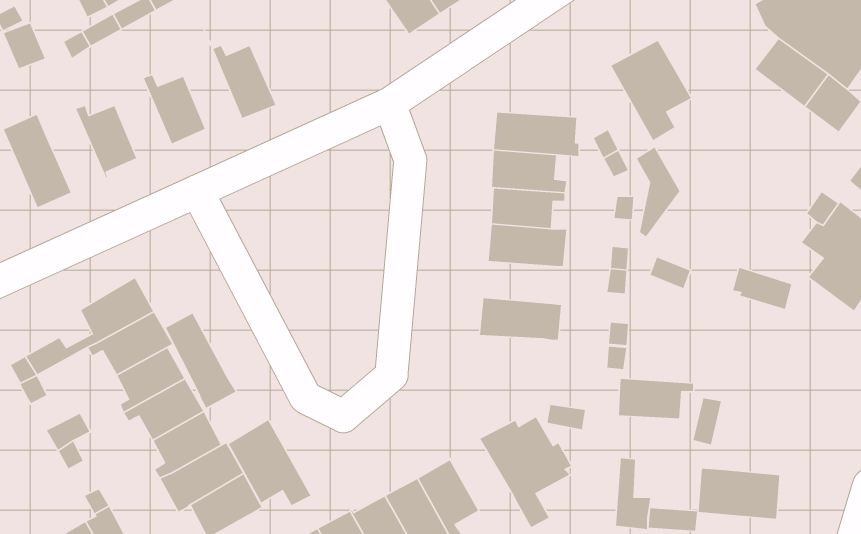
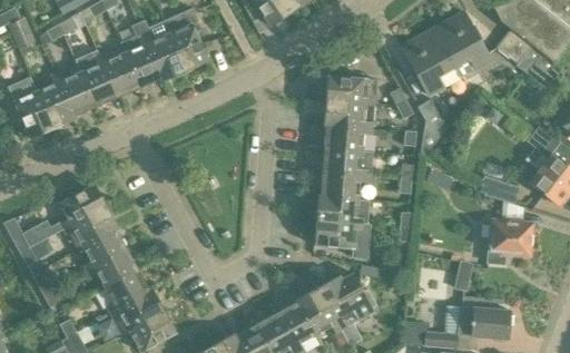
building: none -> [164,8,207,71]
building: none -> [432,11,491,77]
building: none -> [120,22,163,87]
building: none -> [76,50,117,106]
building: none -> [36,73,75,128]
building: none -> [318,173,368,199]
building: [165,312,237,409] -> none
building: none -> [488,222,530,263]
building: [618,378,694,419] -> [315,220,364,247]
building: [228,419,312,506] -> none
building: none -> [296,287,341,334]

